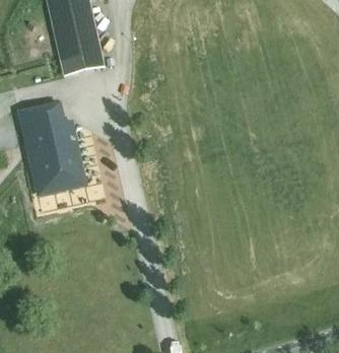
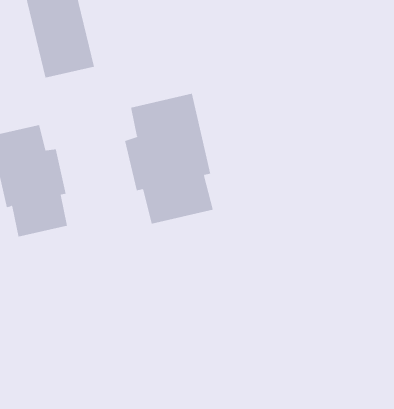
building: none -> [125,93,213,224]

